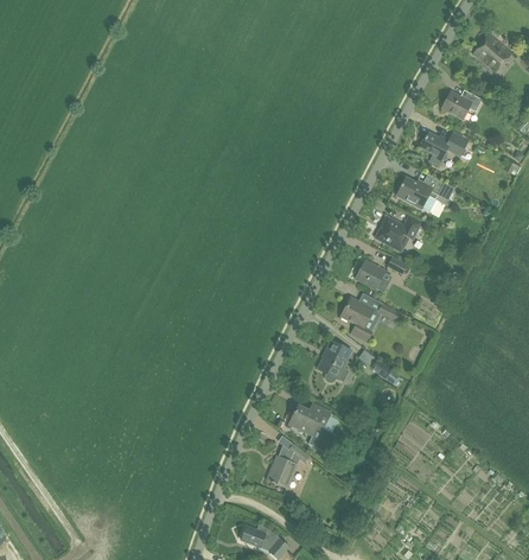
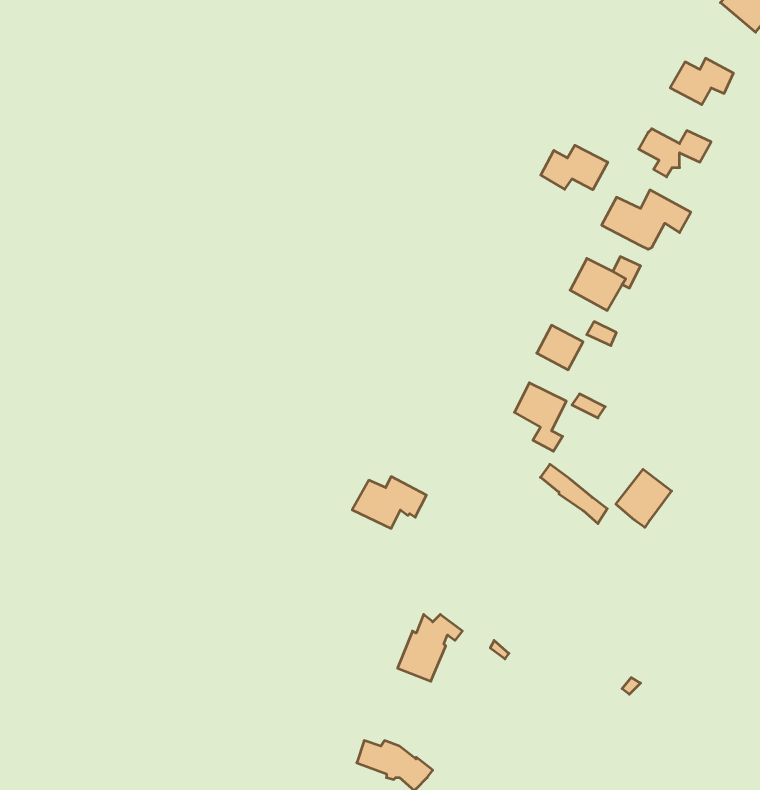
building: none -> [541,145,608,190]
building: [316,339,351,382] -> none
building: none -> [616,469,672,527]
building: [287,402,334,435] -> [352,477,426,528]

